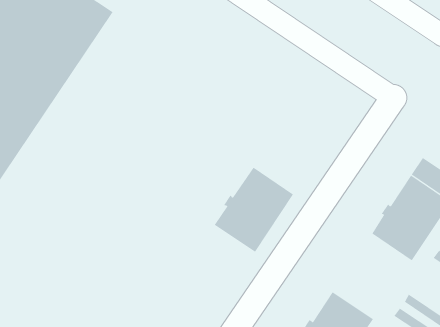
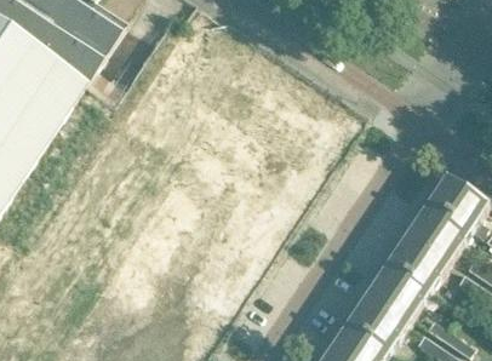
building: [214,167,294,253] -> [355,252,439,342]

